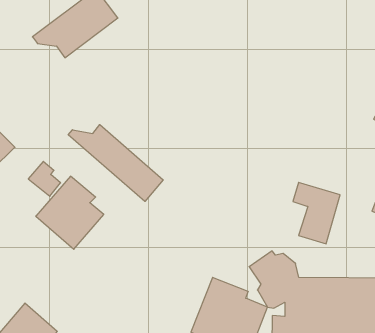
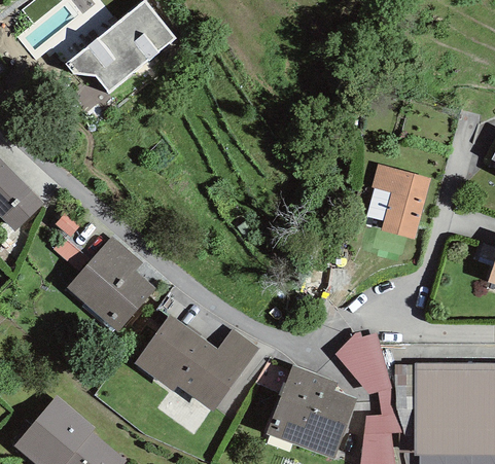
building: [68,125,163,201] -> none
building: [293,182,340,244] -> [372,165,430,241]
building: none -> [132,314,256,409]

